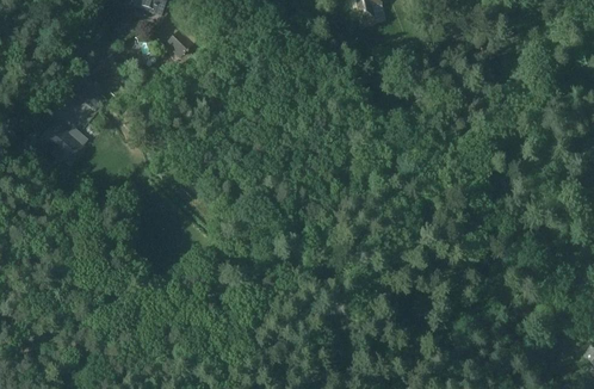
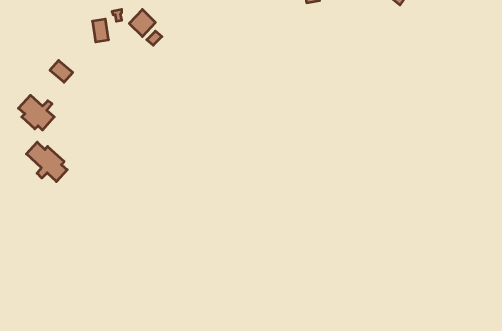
building: none -> [26,142,67,182]

